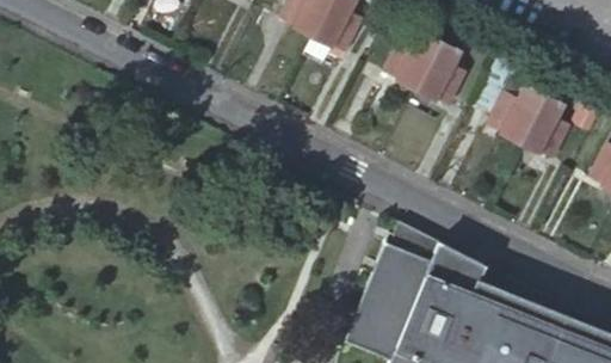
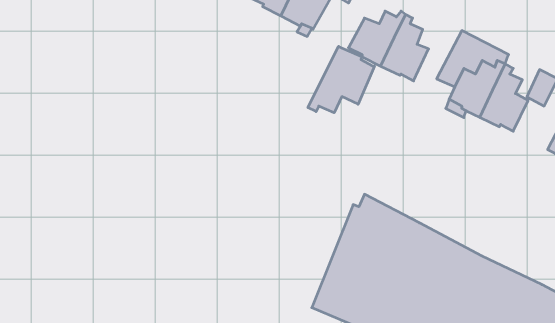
building: none -> [308,46,374,113]

